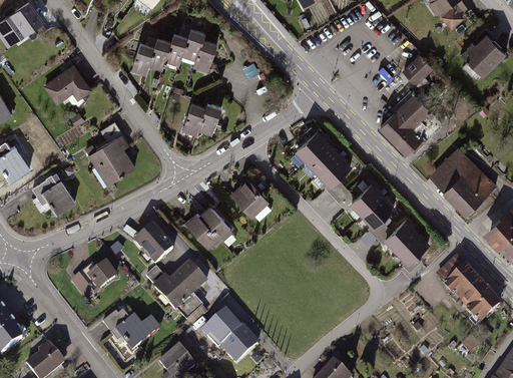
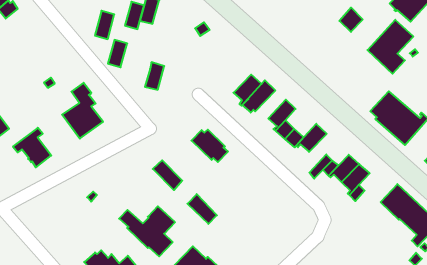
building: [147,37,170,68] -> [108,40,127,67]
building: [193,39,216,70] -> none
building: [43,64,90,102] -> none
building: [378,93,430,153] -> [367,20,413,74]
building: [198,102,221,133] -> none
building: [307,142,339,176] -> [233,75,262,106]
building: [361,195,393,229] -> none
building: [198,206,230,240] -> [187,194,217,224]
building: [134,226,172,264] -> none
building: [71,262,115,292] -> none

